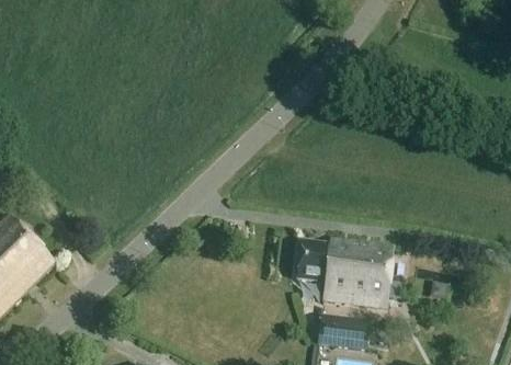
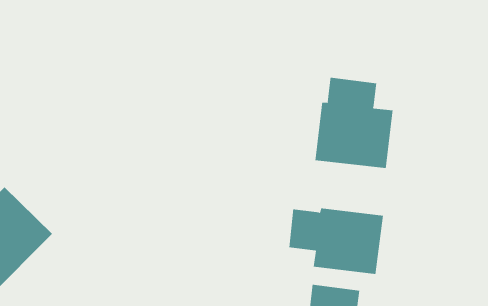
building: none -> [315,77,393,169]

